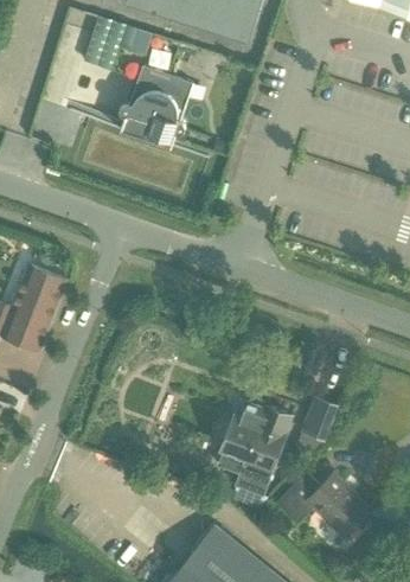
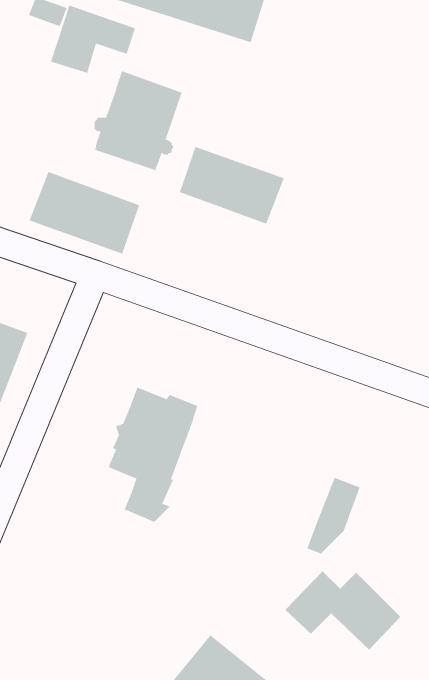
building: none -> [179,146,284,225]
building: none -> [29,171,140,254]
building: [216,398,289,509] -> [108,387,198,523]

